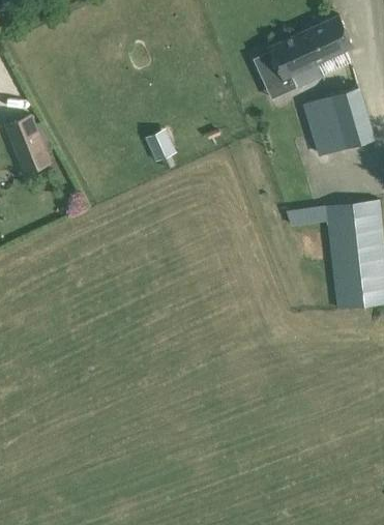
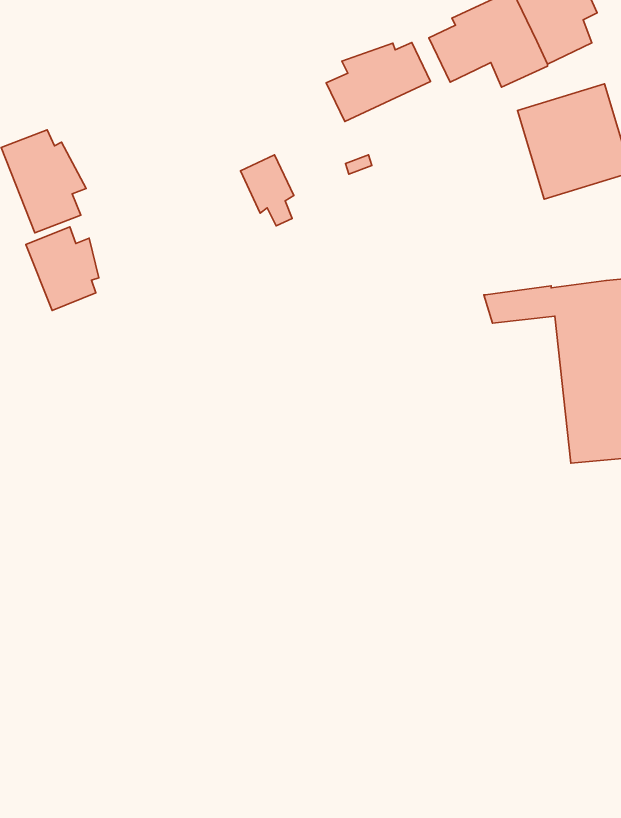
building: none -> [326,43,431,122]
building: none -> [26,227,99,311]

